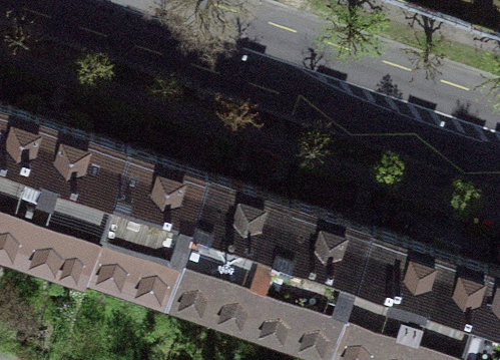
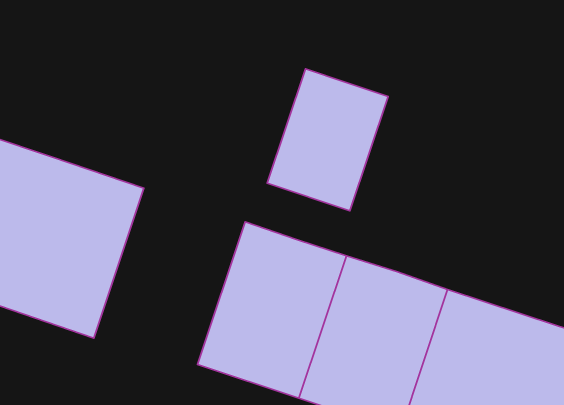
building: none -> [267,69,388,211]
building: [85,157,206,299] -> none

